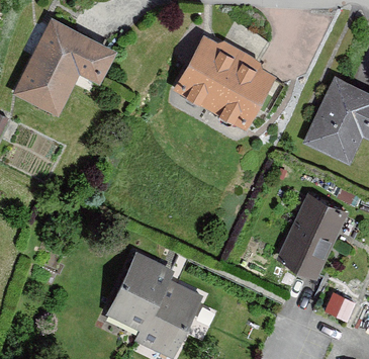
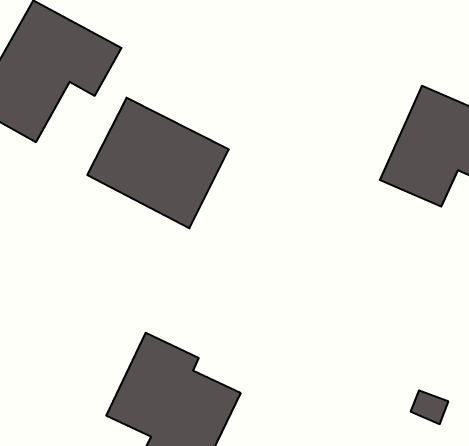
building: [173,36,275,130] -> [87,98,229,228]
building: [274,195,347,280] -> none

